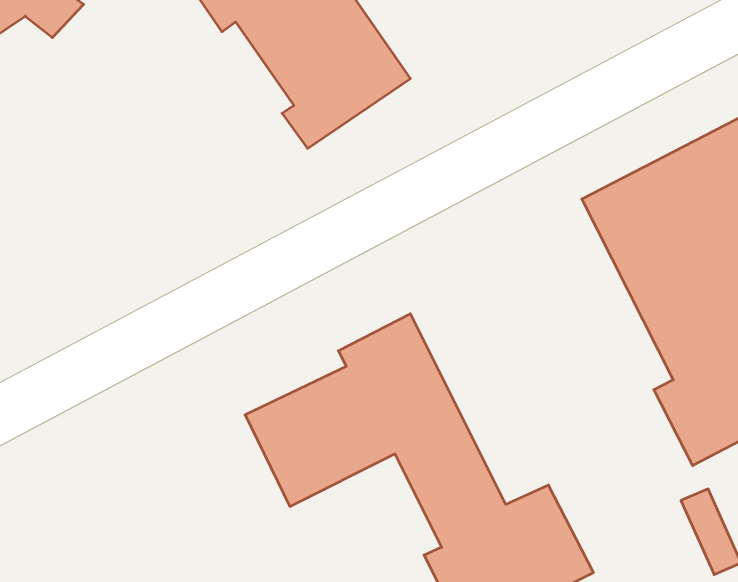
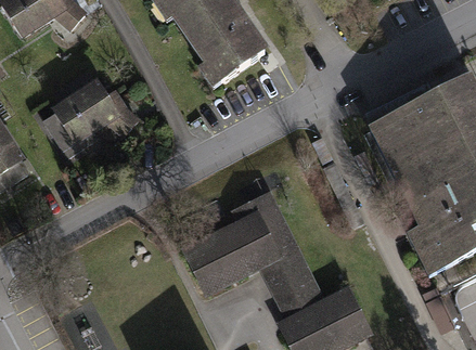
building: none -> [53,76,143,144]

